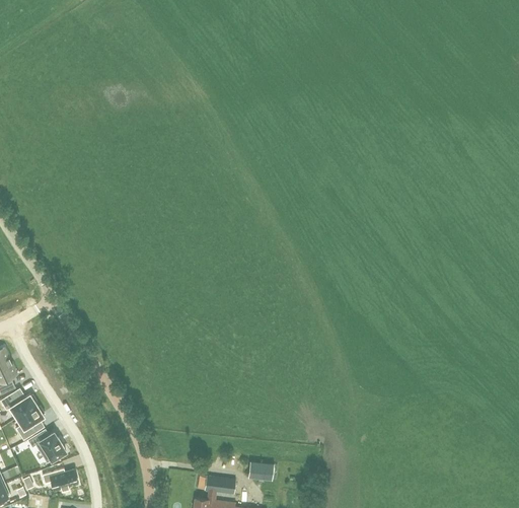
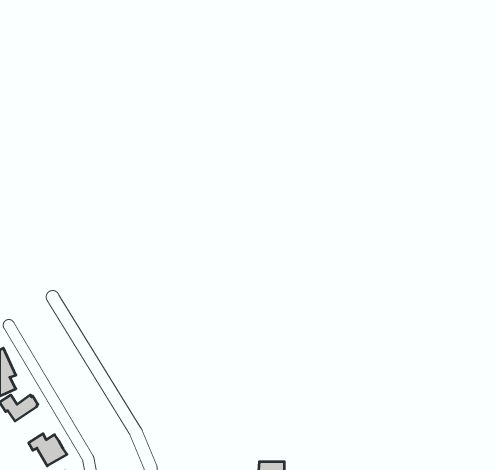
building: [15,406,45,441] -> none

